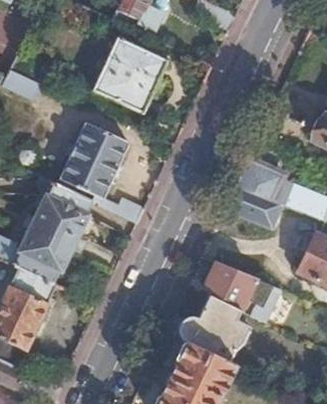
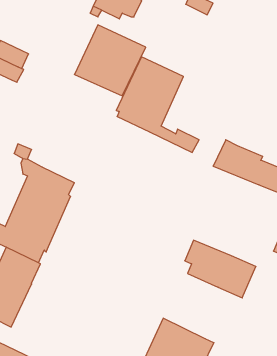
building: [58,125,143,223] -> [116,57,199,152]
building: [224,185,282,229] -> none
building: [181,295,244,363] -> none

